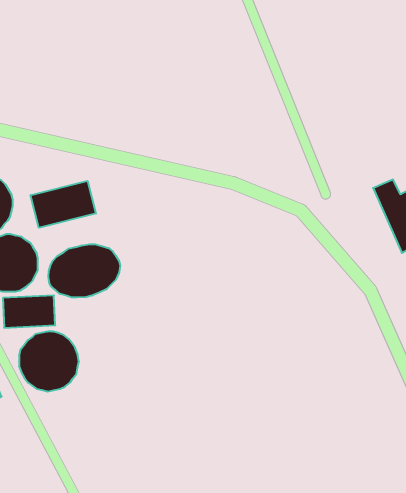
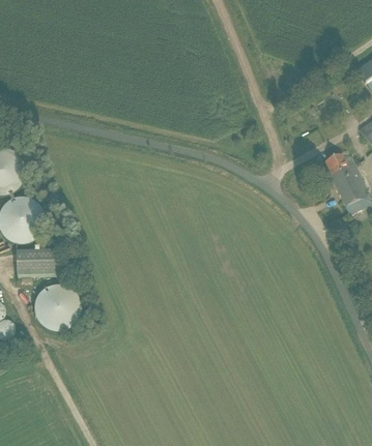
building: [31,181,96,228] -> none
building: [48,244,120,297] -> none

